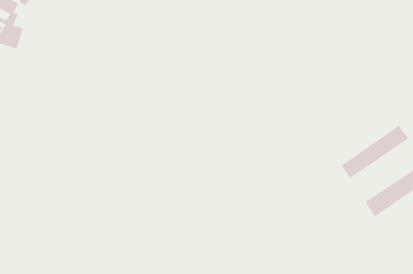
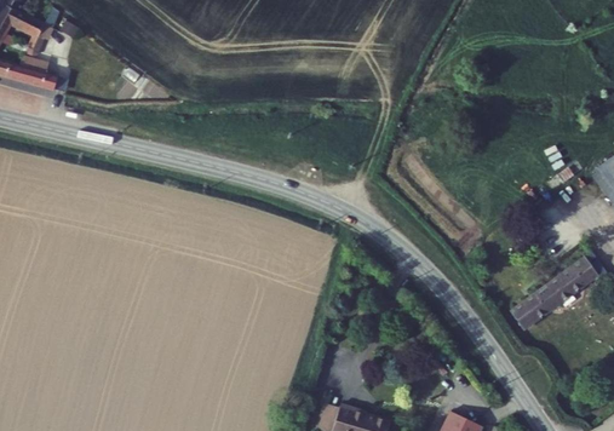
building: [341,125,409,179] -> none

